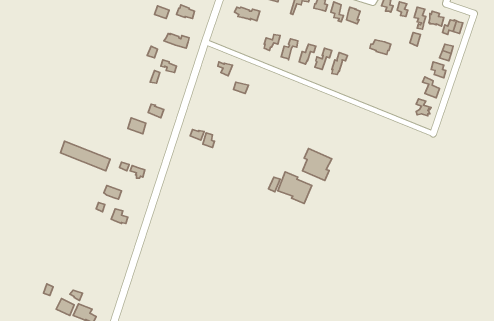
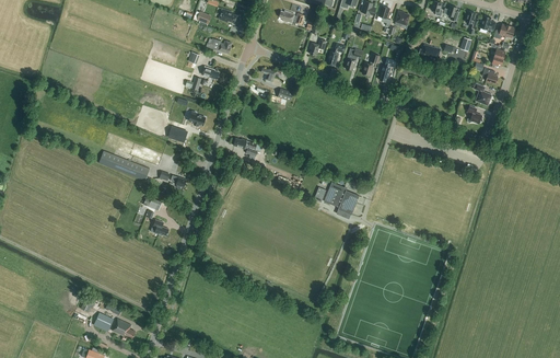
building: [302,148,332,180] -> none

